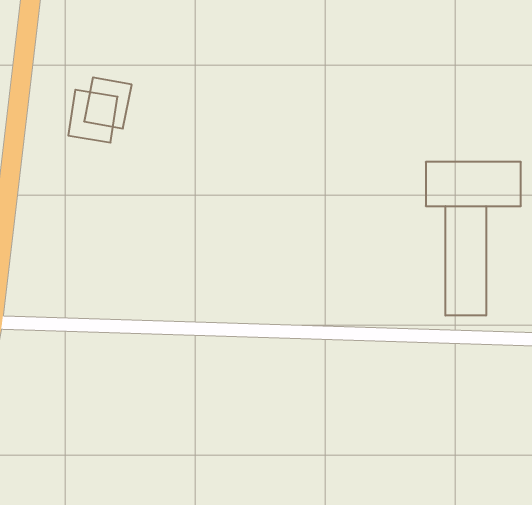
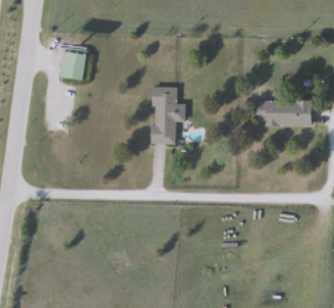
building: none -> [144,89,176,146]
building: [445,206,486,316] -> none

